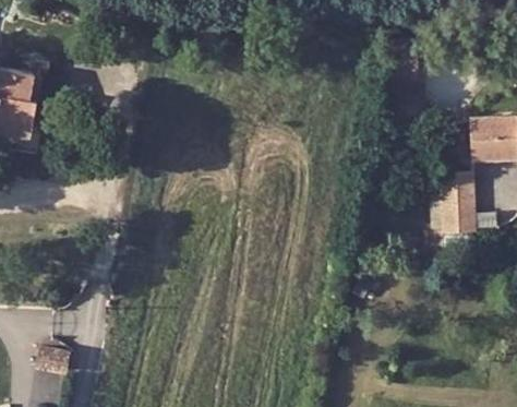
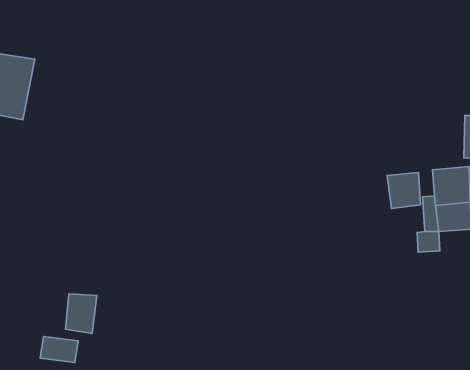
building: none -> [387,173,421,209]
building: none -> [65,294,97,333]

